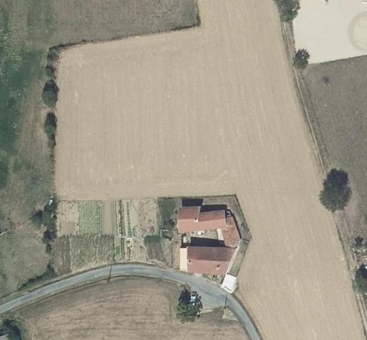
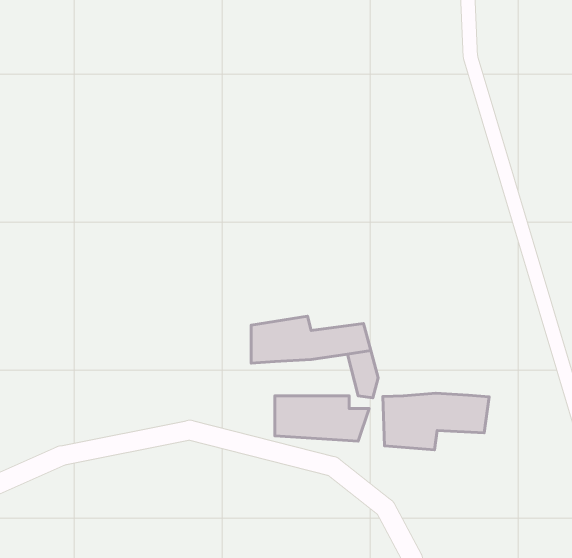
building: none -> [383,393,489,450]

